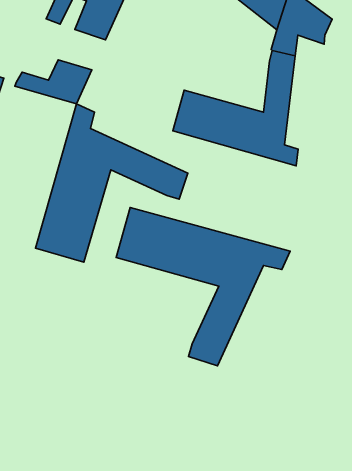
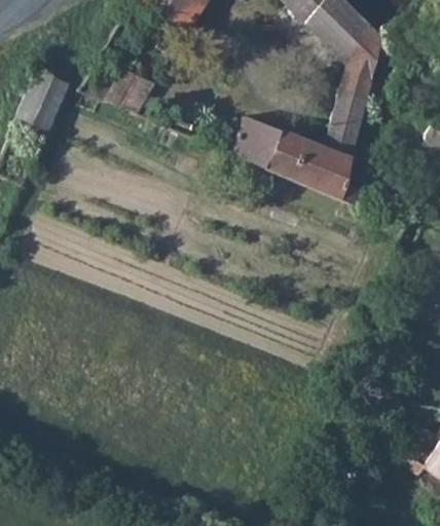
building: [35,104,188,262] -> none
building: [116,207,290,366] -> none

